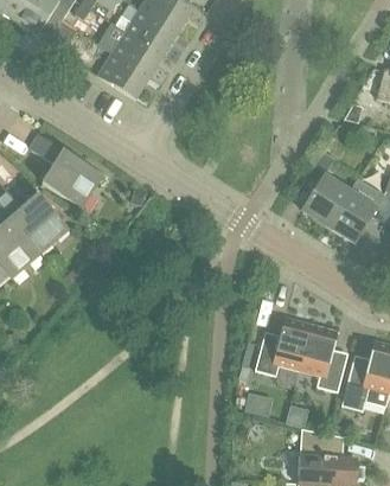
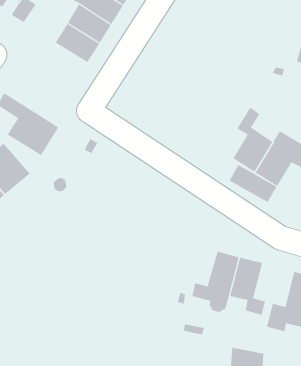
building: none -> [229,164,277,203]

